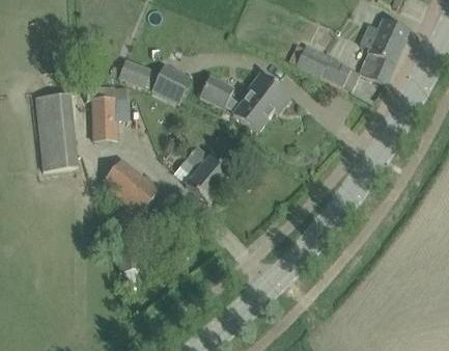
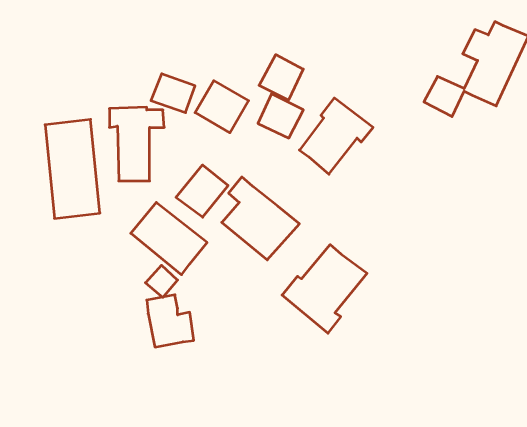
building: none -> [259,55,303,100]
building: [296,44,330,76] -> none
building: none -> [176,165,228,217]
building: none -> [282,245,367,333]

